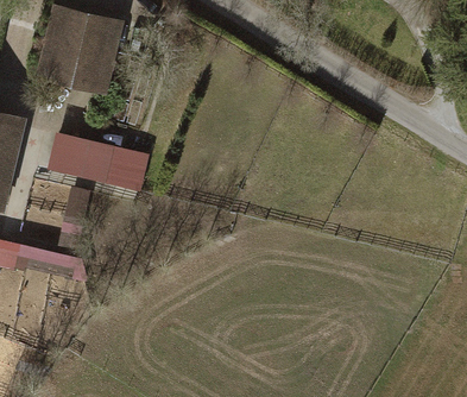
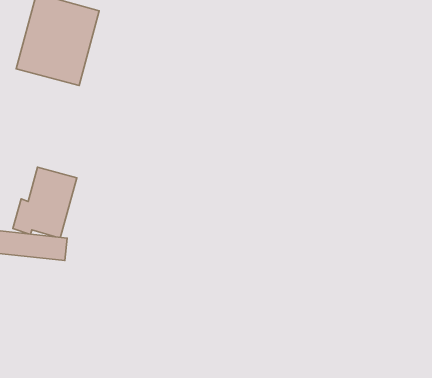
building: [53,132,153,183] -> none

